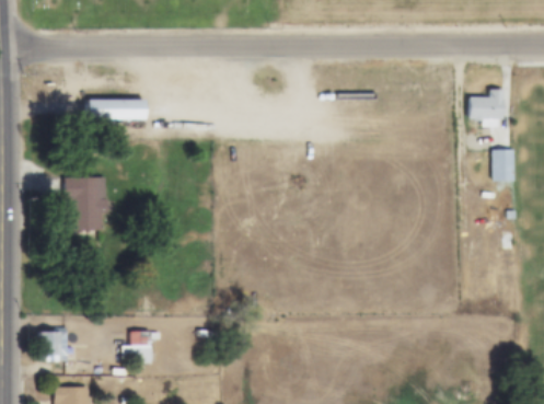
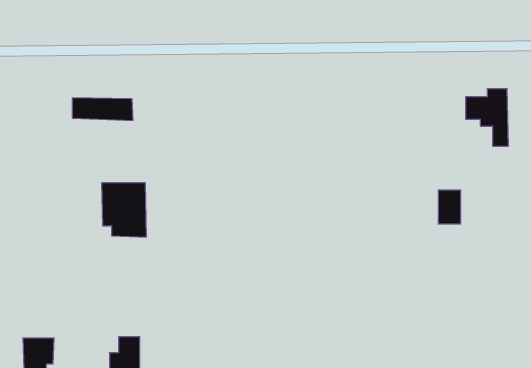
building: [493,149,514,182] -> [438,190,461,224]
building: [62,177,106,230] -> [101,183,146,237]

